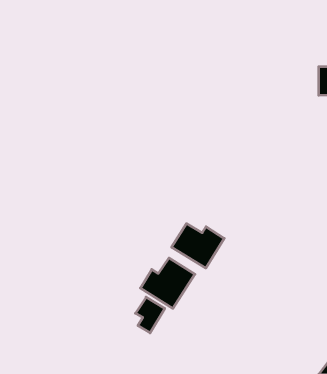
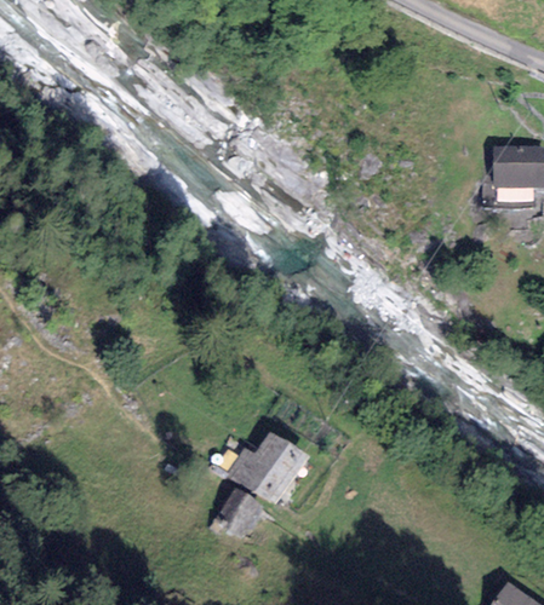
building: [172,224,224,268] -> none

